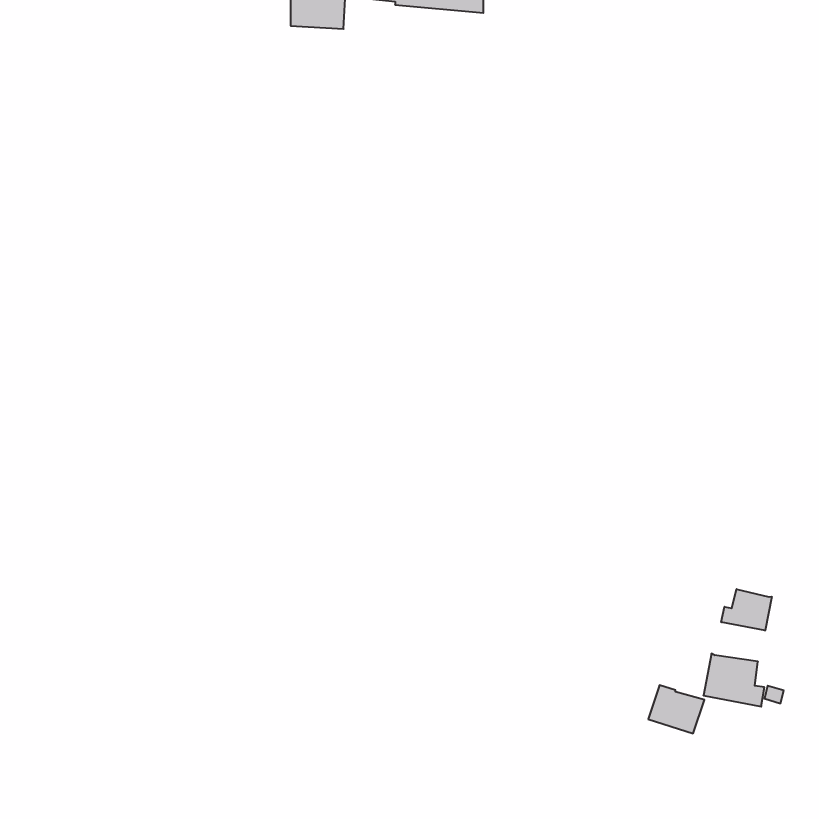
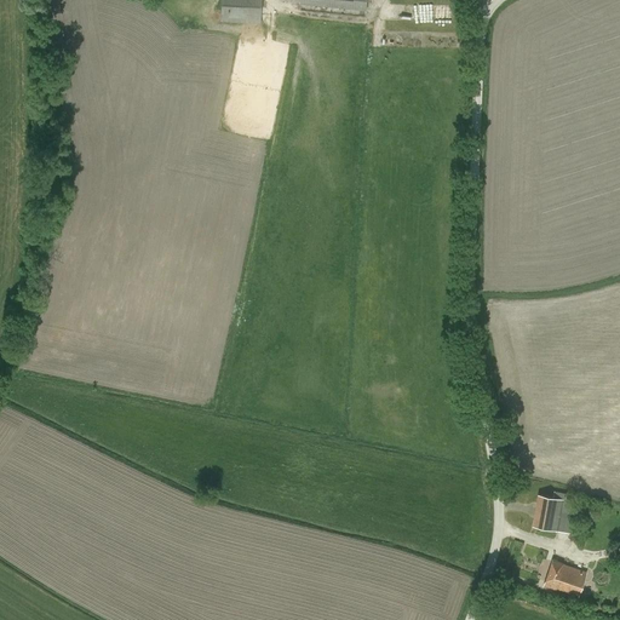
building: [721,589,772,631] -> none
building: [648,685,704,733] -> [542,559,585,596]

